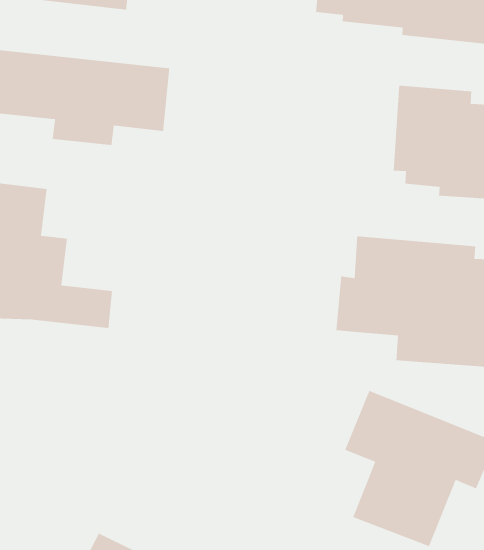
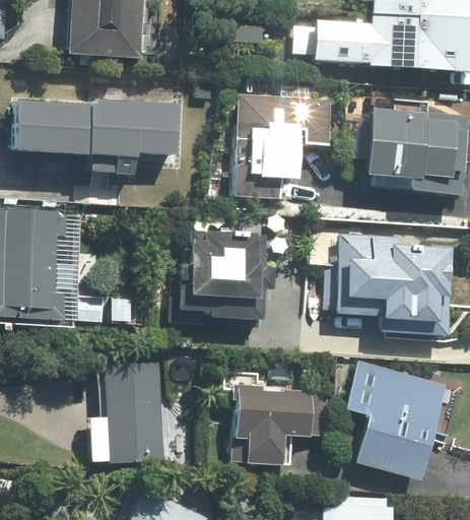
building: none -> [233,95,335,194]
building: none -> [171,220,297,322]
building: none -> [106,352,162,460]
building: none -> [227,365,311,466]

